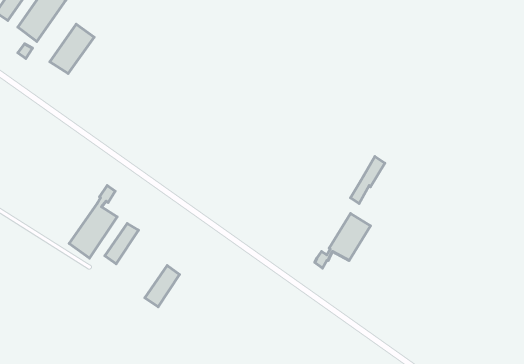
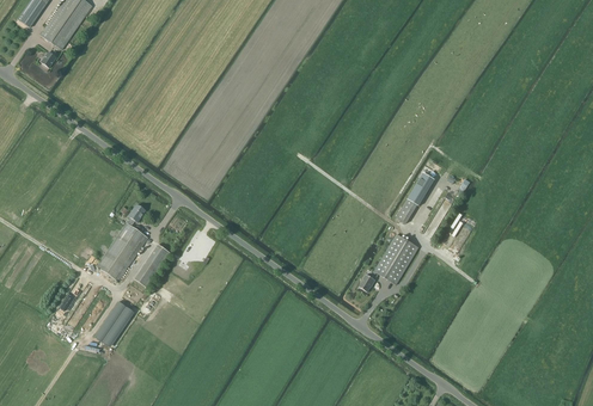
building: [50,24,94,74] -> none
building: [145,266,179,307] -> [96,301,133,345]

